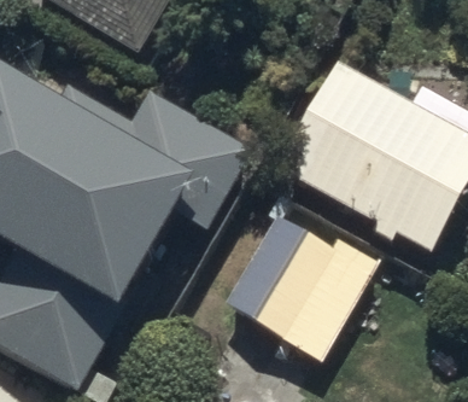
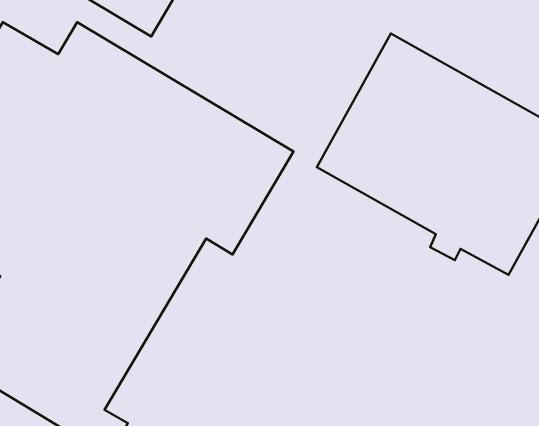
building: [223,211,378,361] -> none

